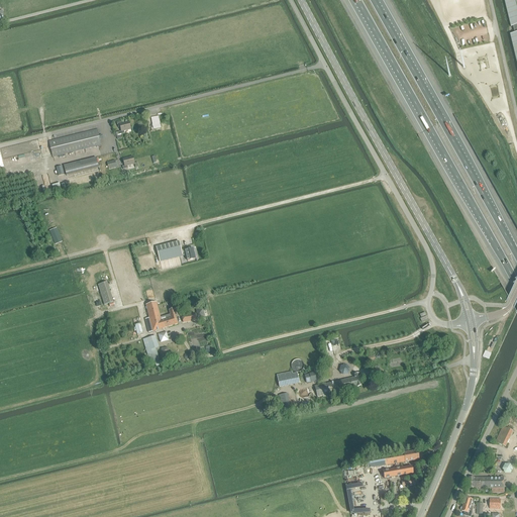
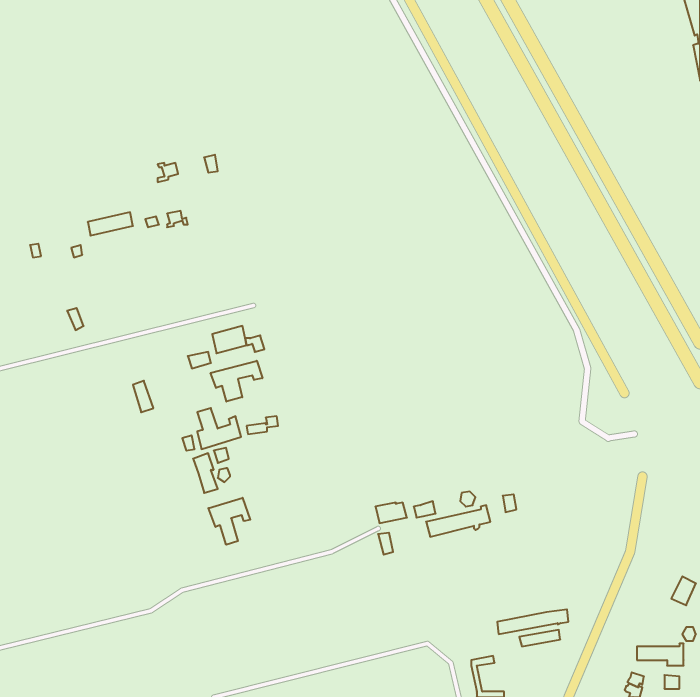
building: [48,128,101,156] -> none
building: none -> [211,361,262,402]
building: none -> [208,498,250,545]

